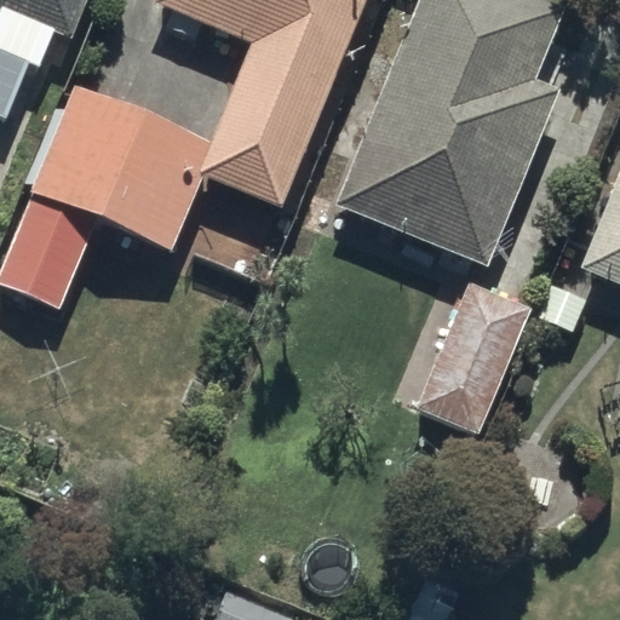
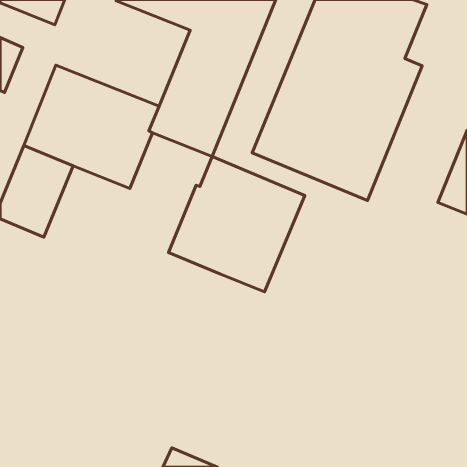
building: none -> [169,157,305,292]
building: [415,280,532,432] -> none

